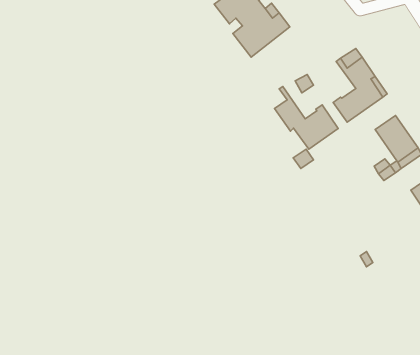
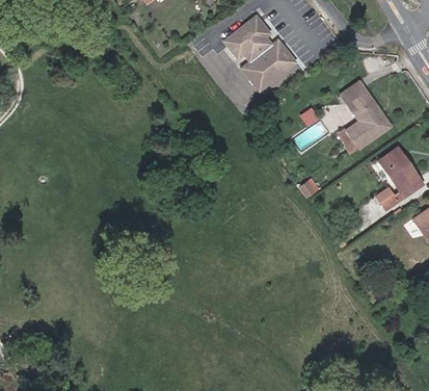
building: [274,86,338,149] -> none

